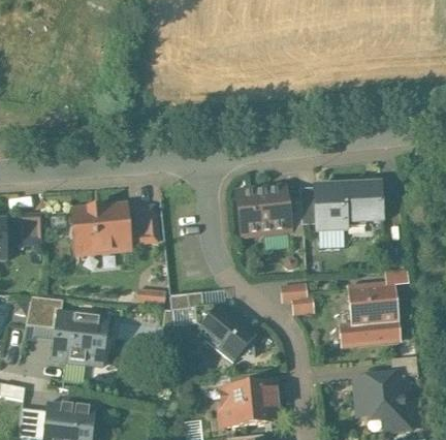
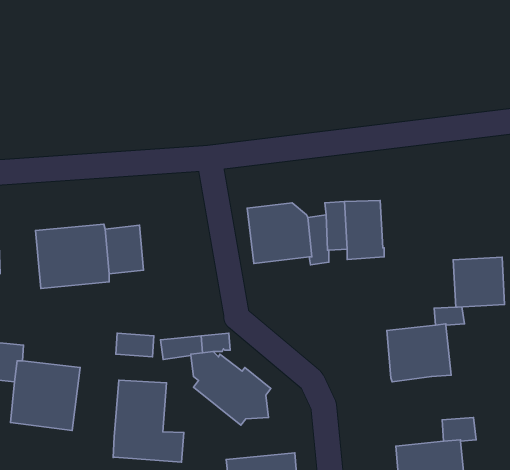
building: [342,183,382,222] -> [453,257,505,307]
building: [286,288,312,312] -> none
building: [338,323,384,345] -> none
building: none -> [113,380,184,462]

